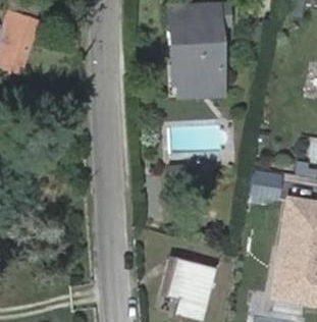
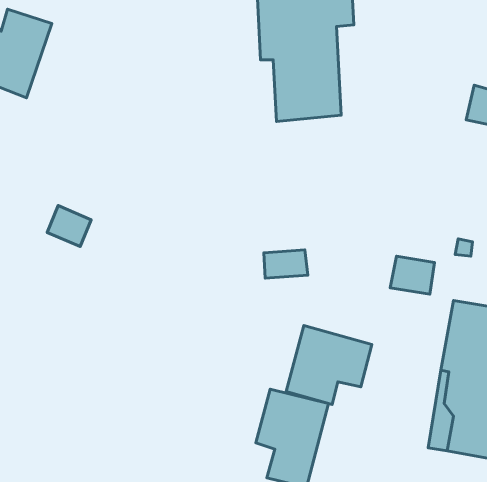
building: [170,47,223,98] -> none
building: none -> [286,326,372,404]

